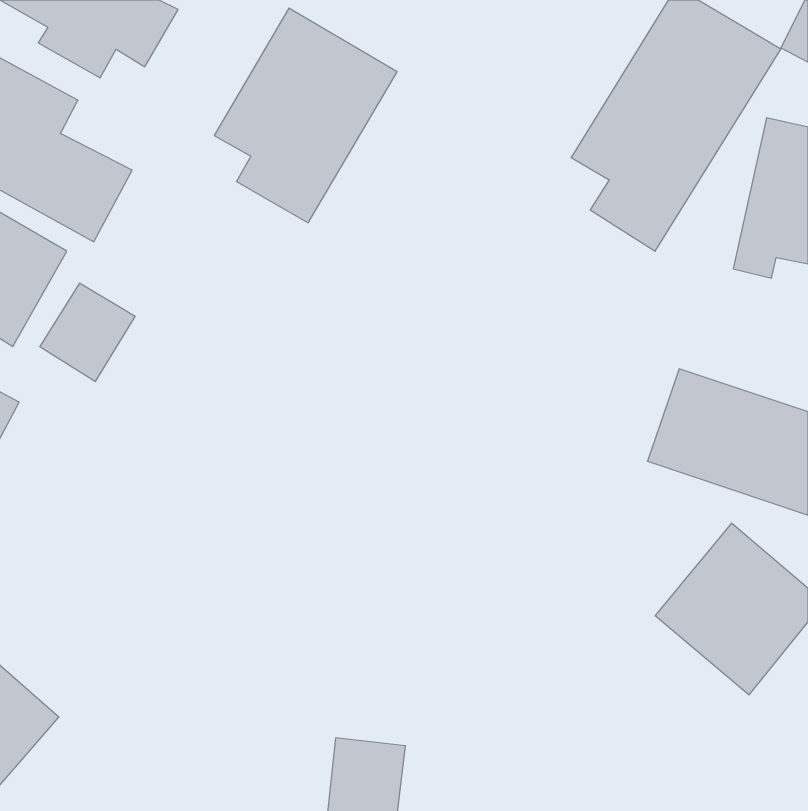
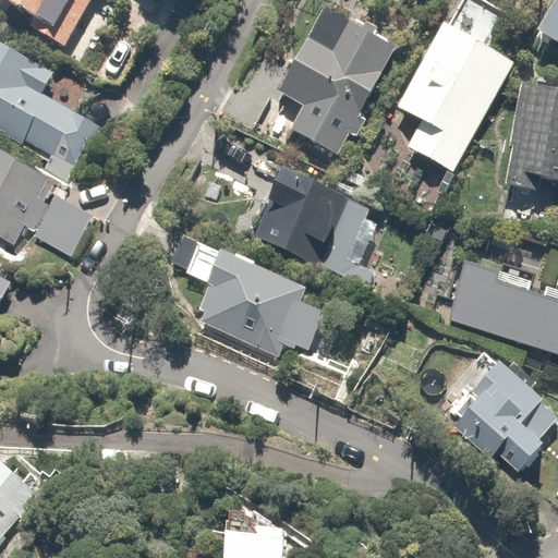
building: [214,8,397,223] -> [275,5,400,153]
building: none -> [260,161,378,279]
building: none -> [166,232,322,354]

